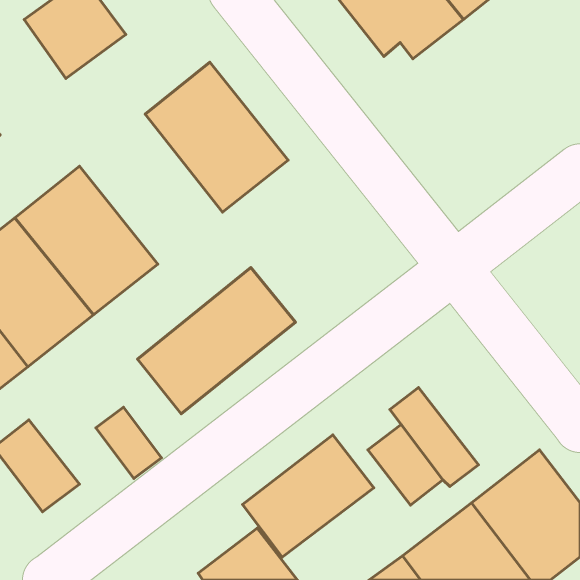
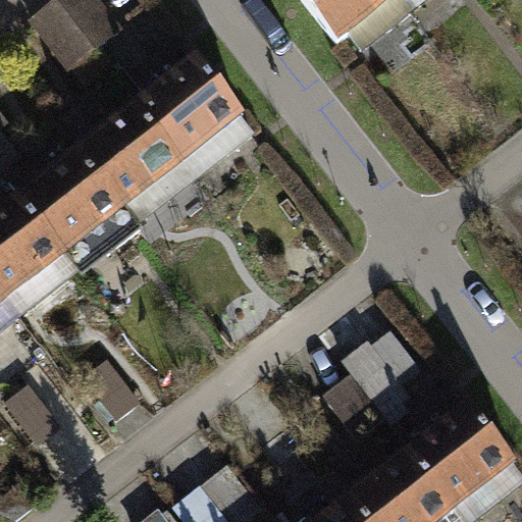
building: none -> [70,101,197,233]
building: [138,267,296,414] -> none
building: [242,435,374,557] -> none

